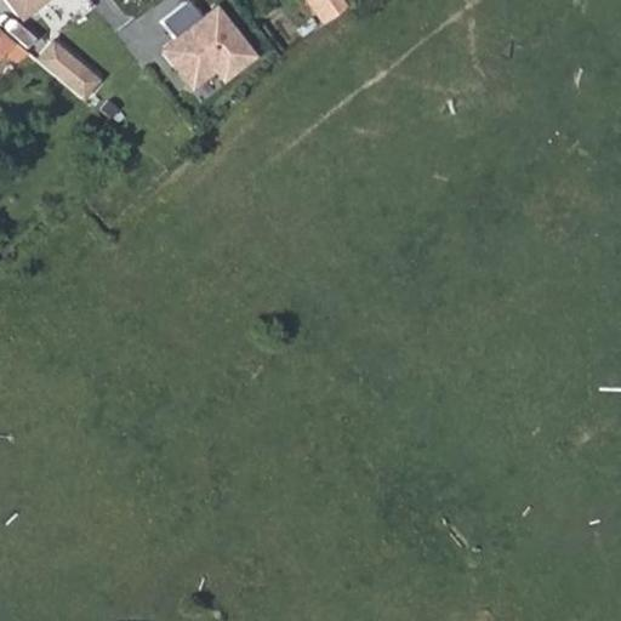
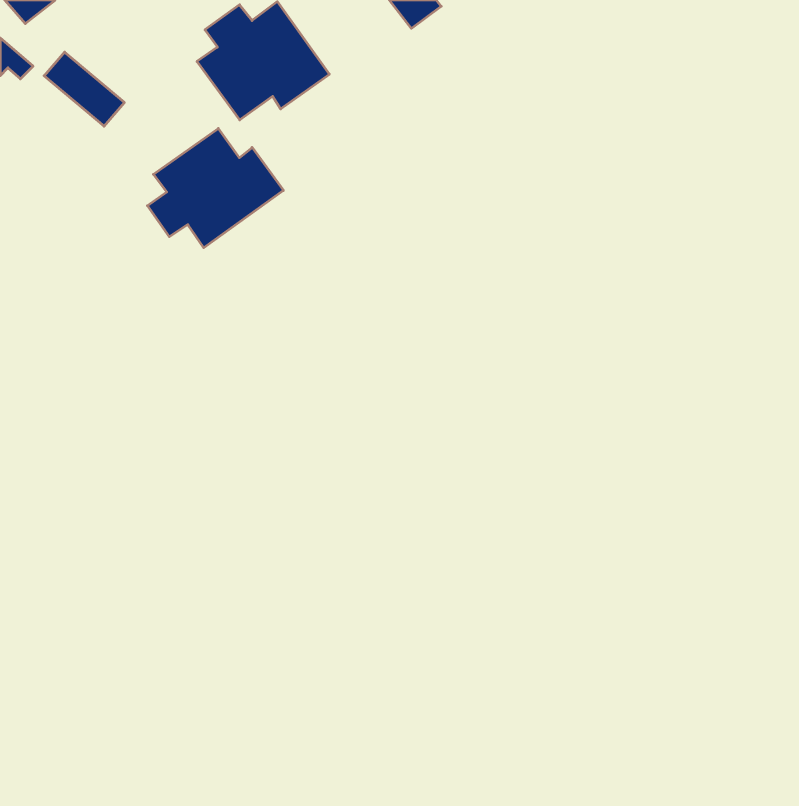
building: none -> [147,128,283,248]

